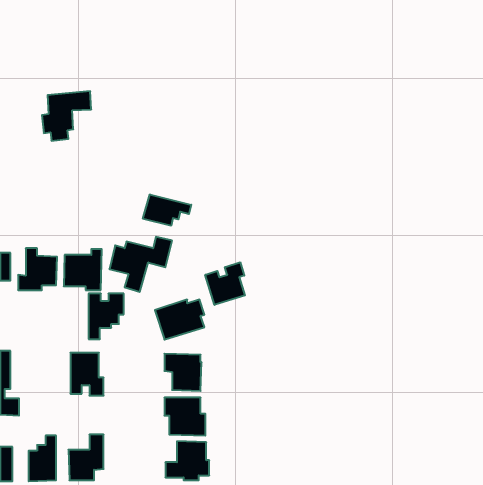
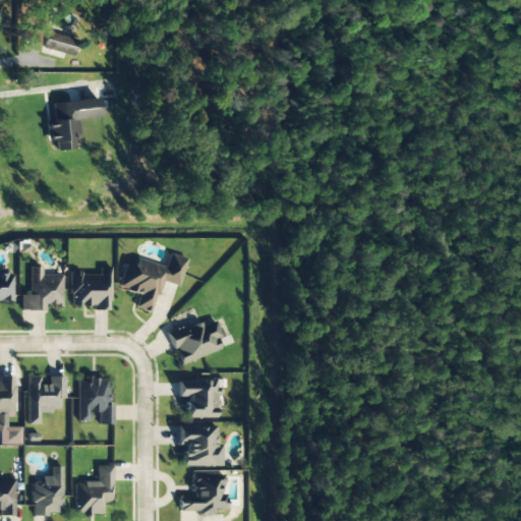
building: none -> [43,31,78,56]
building: [143,194,191,226] -> none
building: [205,262,245,305] -> none
building: [89,294,124,339] -> [28,375,66,424]

